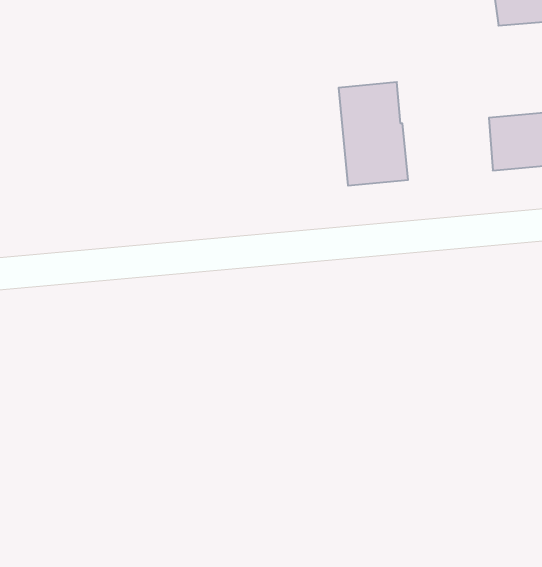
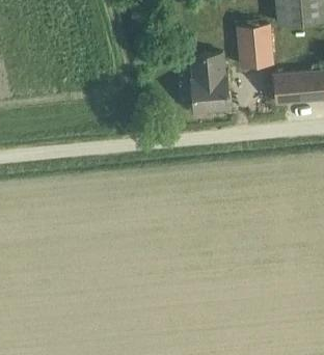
building: none -> [236,26,273,66]

